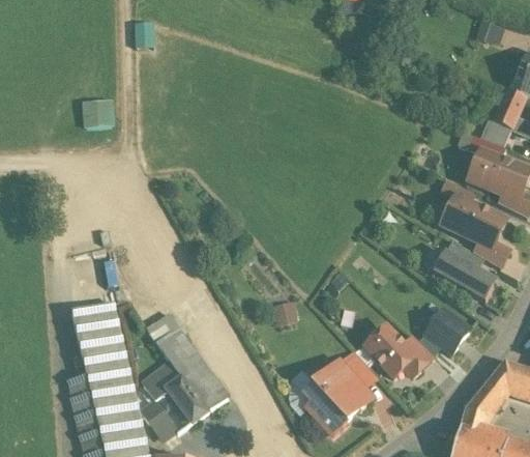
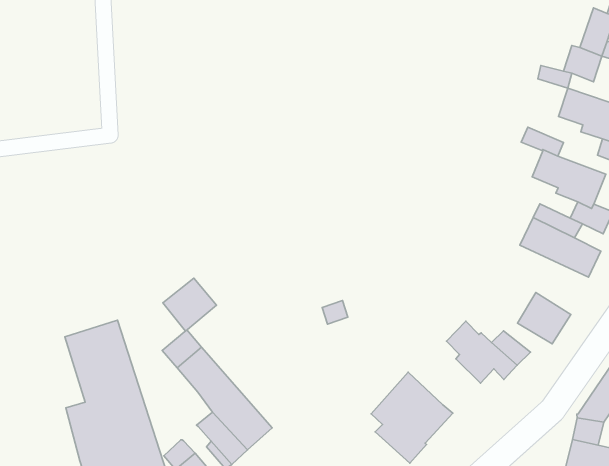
building: [84,99,115,128] -> none
building: none -> [163,278,217,331]
building: [337,350,377,391] -> none
building: [141,364,181,401] -> none

